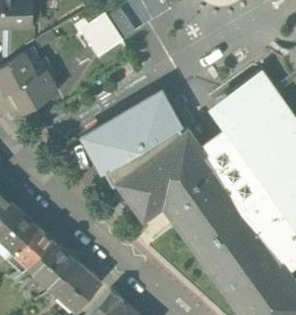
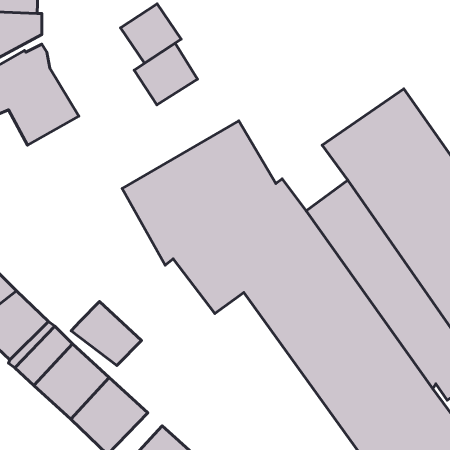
building: none -> [134,43,198,105]
building: none -> [71,302,142,366]

